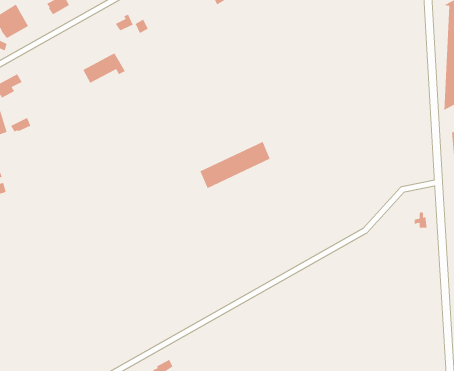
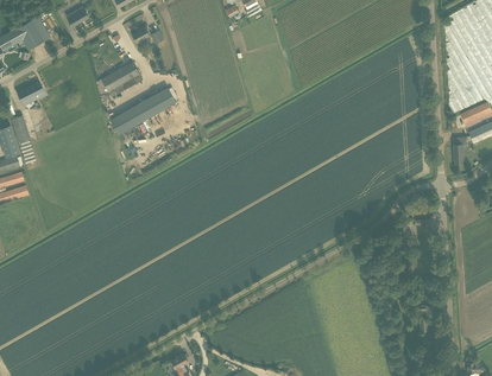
building: [200,141,271,189] -> [109,88,177,133]

